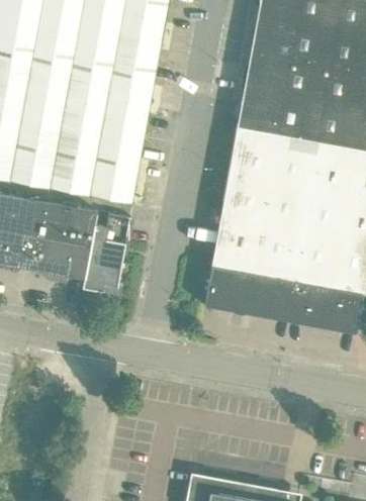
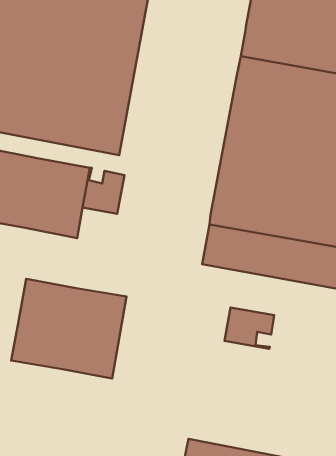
building: [83,250,123,294] -> none
building: none -> [11,279,126,378]
building: none -> [224,308,274,349]

